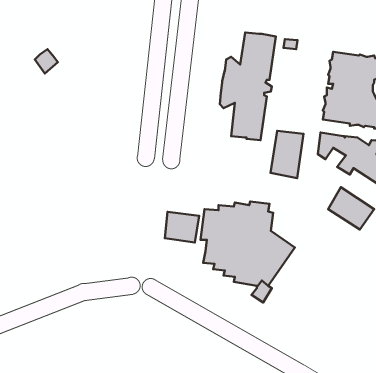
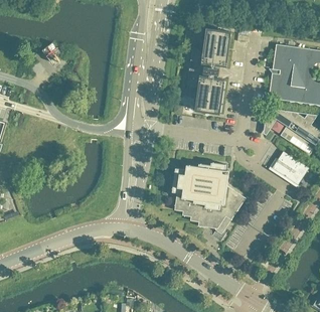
building: [271,131,304,178] -> none
building: [165,212,199,242] -> none

